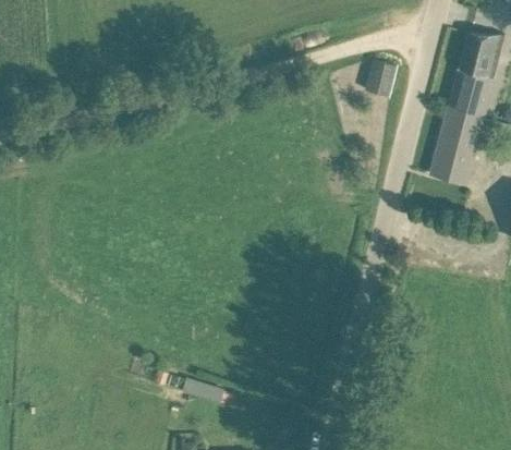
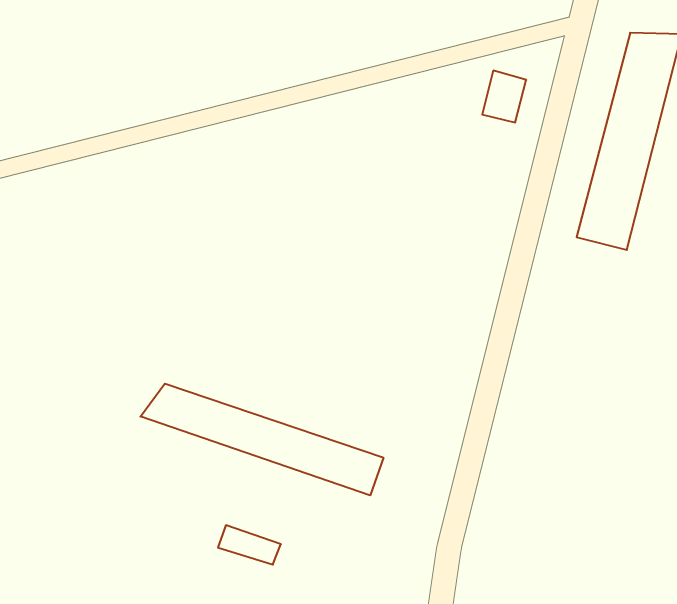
building: none -> [140,384,383,495]

